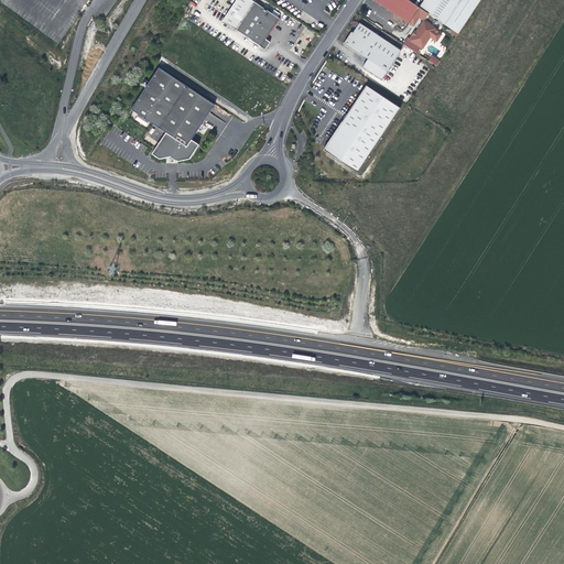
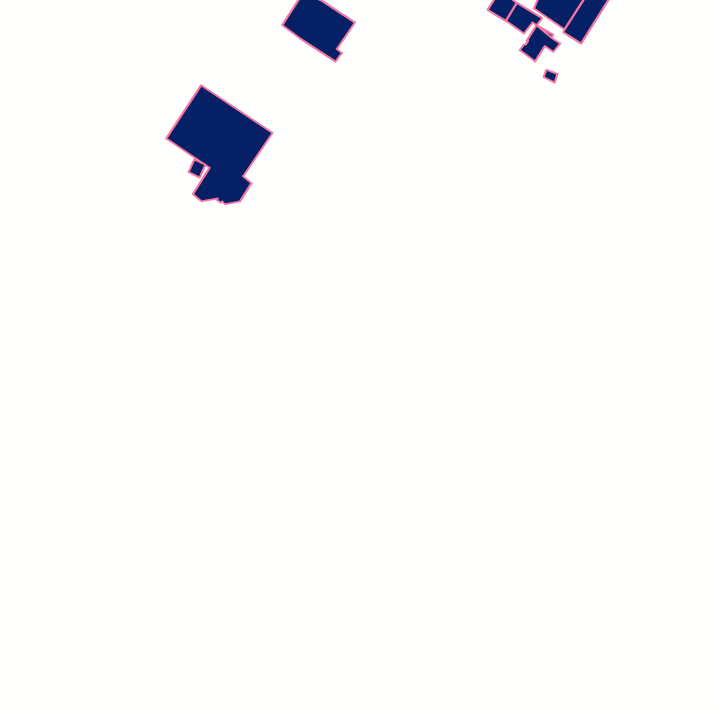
building: [343,22,401,78] -> none
building: [323,85,400,172] -> none

